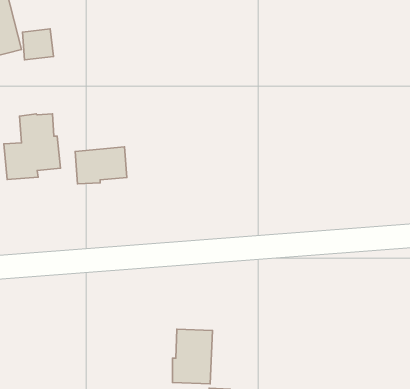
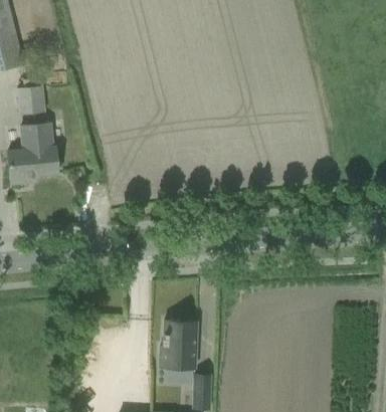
building: [22,29,53,60] -> [17,86,45,115]
building: [75,147,127,184] -> none

